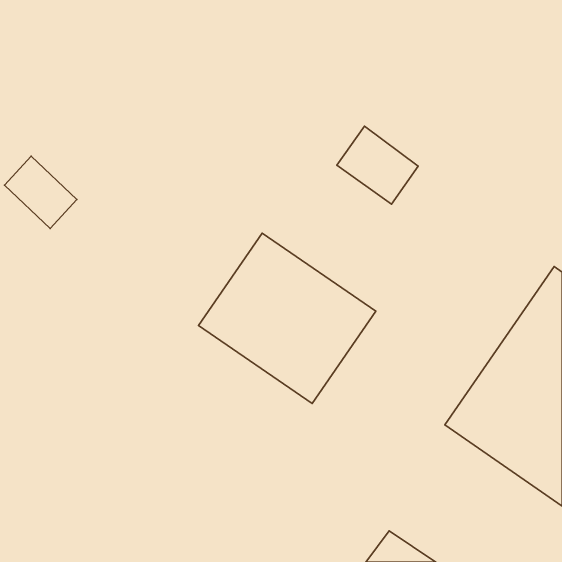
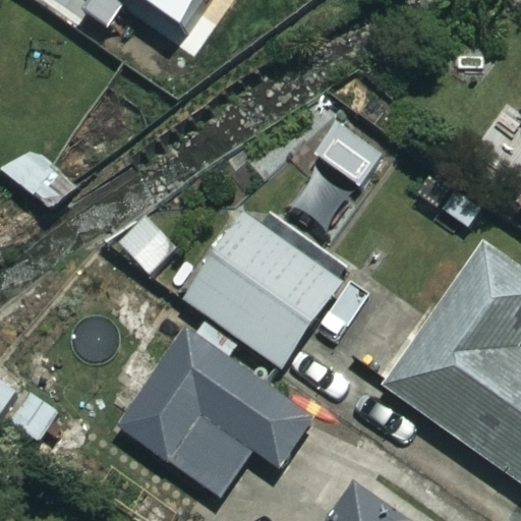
building: none -> [118,327,307,493]

